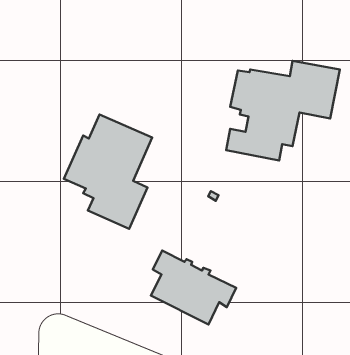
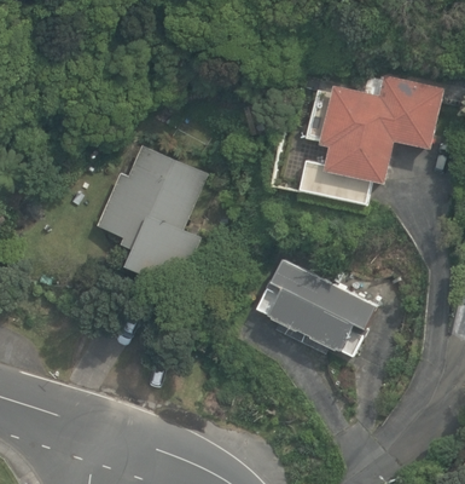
building: [151,250,236,324] -> [268,258,376,351]

